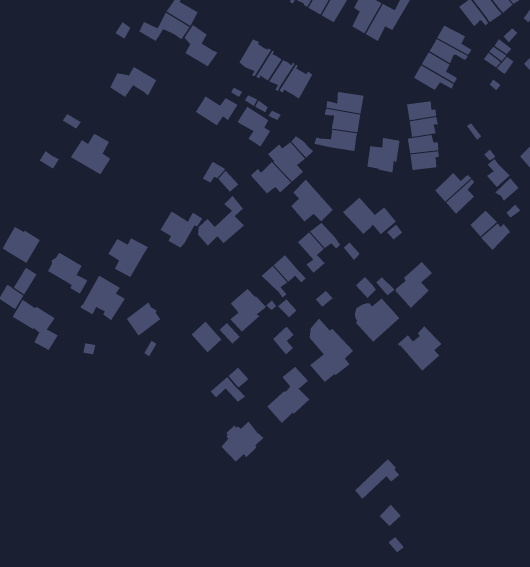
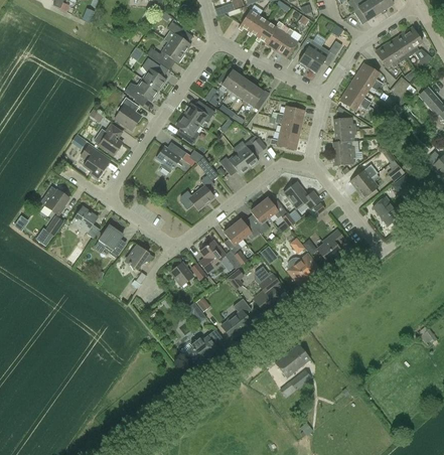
building: [183,24,219,67] -> [143,58,167,90]
building: none -> [116,96,142,130]
building: [236,106,271,148] -> [176,114,200,144]
building: [367,137,400,173] -> none
building: none -> [81,144,107,179]
building: [290,179,334,222] -> none
building: [160,211,203,248] -> [156,145,187,172]
building: [107,237,149,278] -> none
building: [12,299,59,351] -> none
building: [397,325,442,372] -> none
building: none -> [275,343,311,377]

